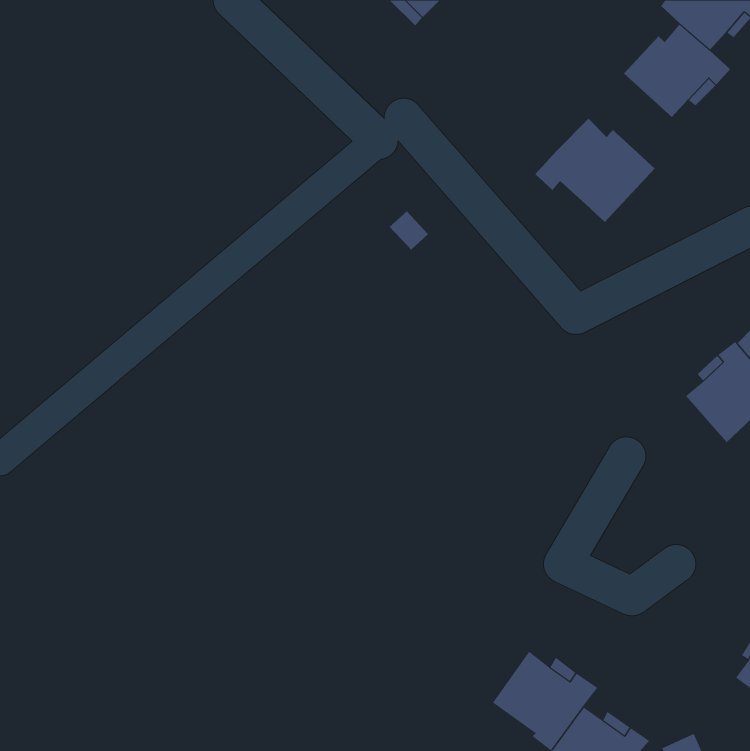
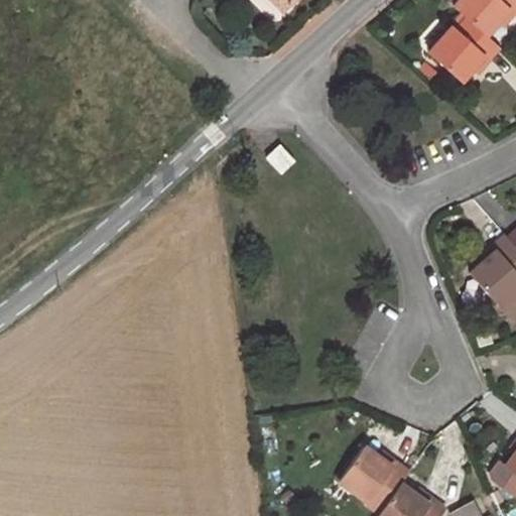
building: [535,118,656,223] -> none

